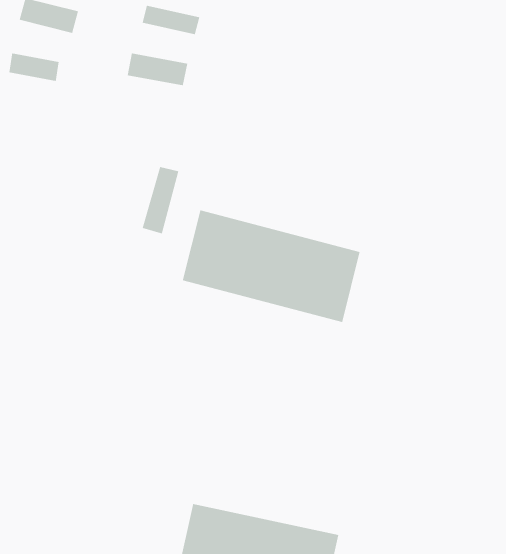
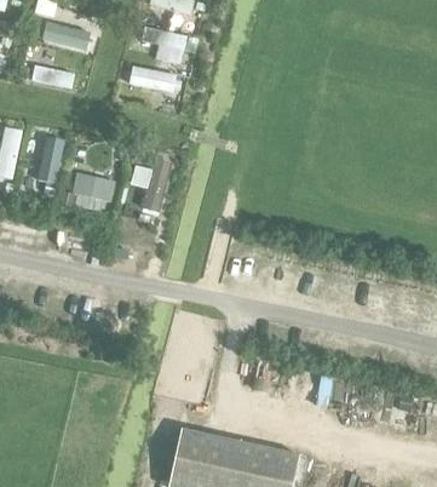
building: none -> [38,134,64,182]
building: none -> [71,171,117,201]
building: [182,209,360,323] -> none

